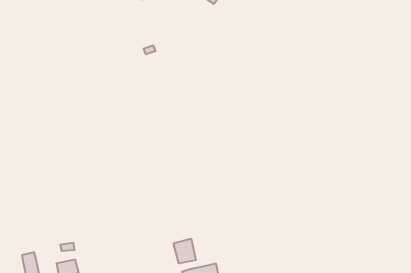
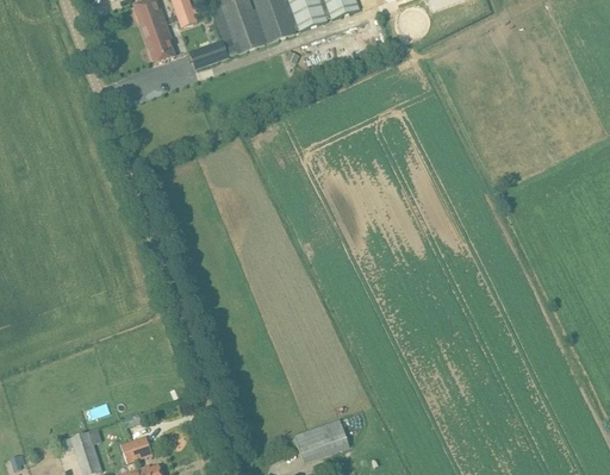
building: [174,239,196,263] -> none

